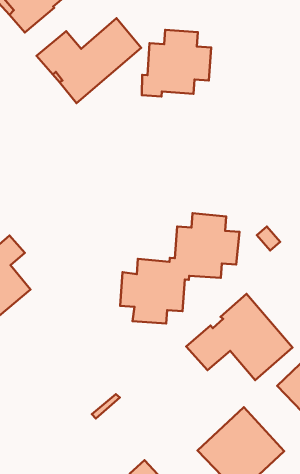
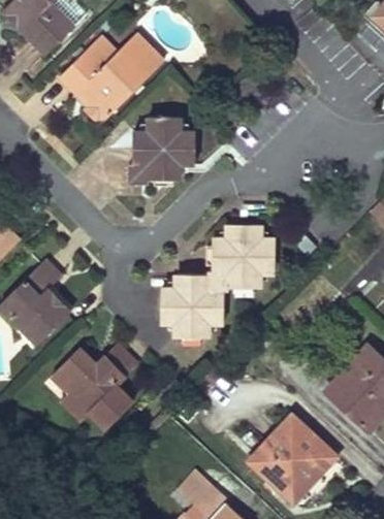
building: [142,30,211,97] -> [127,117,194,184]
building: [186,294,293,380] -> none
building: none -> [51,344,136,429]

